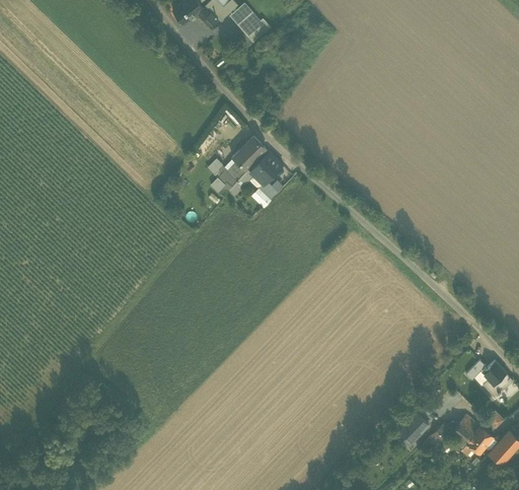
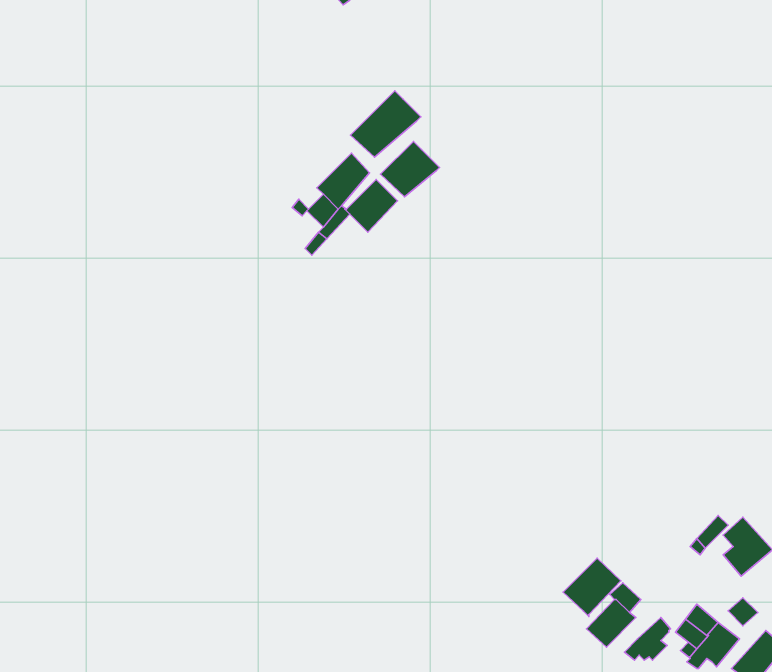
building: none -> [350,91,421,157]
building: none -> [381,141,440,197]
building: none -> [563,558,621,616]

